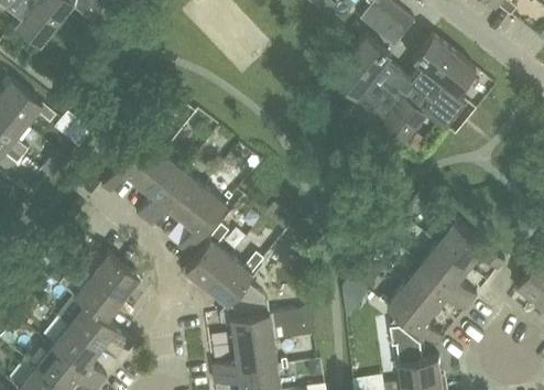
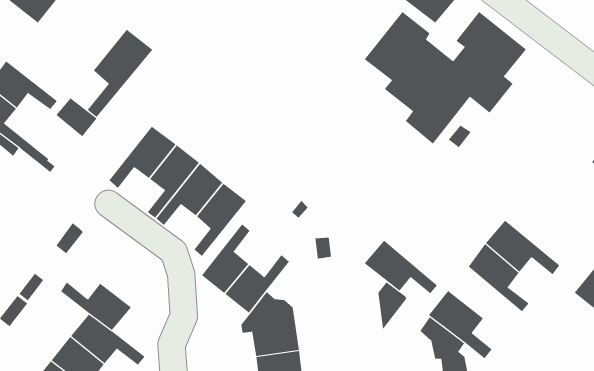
building: none -> [87,29,153,118]
building: [88,241,140,300] -> none
building: [405,263,471,312] -> [364,240,438,294]

